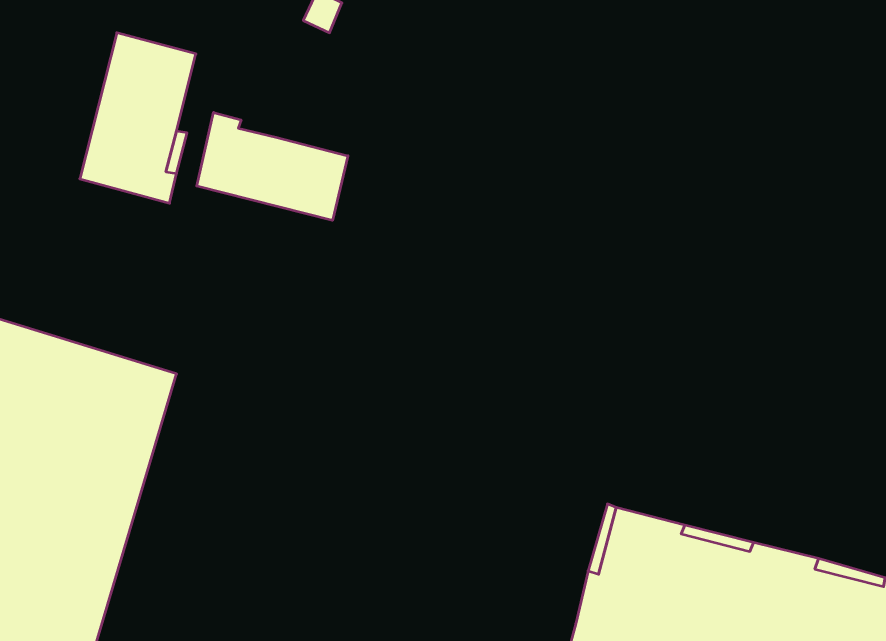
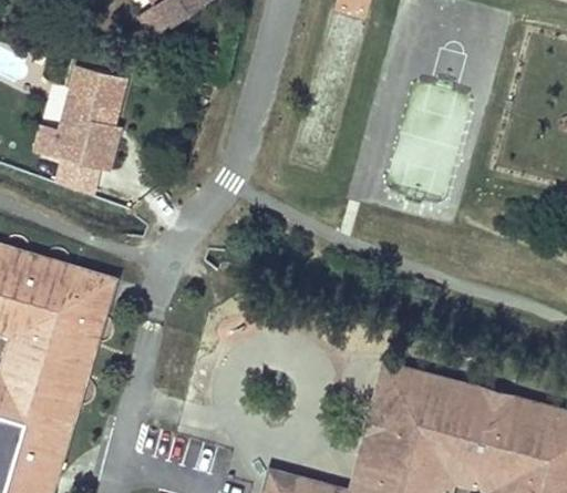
building: [197,112,348,220] -> none

